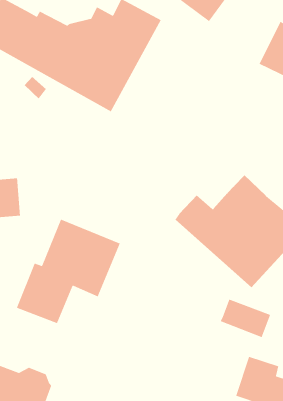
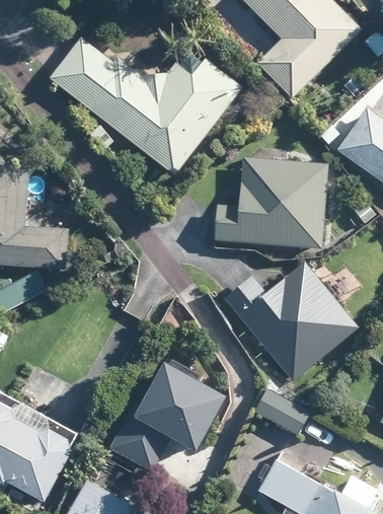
building: none -> [216,157,326,247]
building: [16,218,121,324] -> [110,365,230,474]

